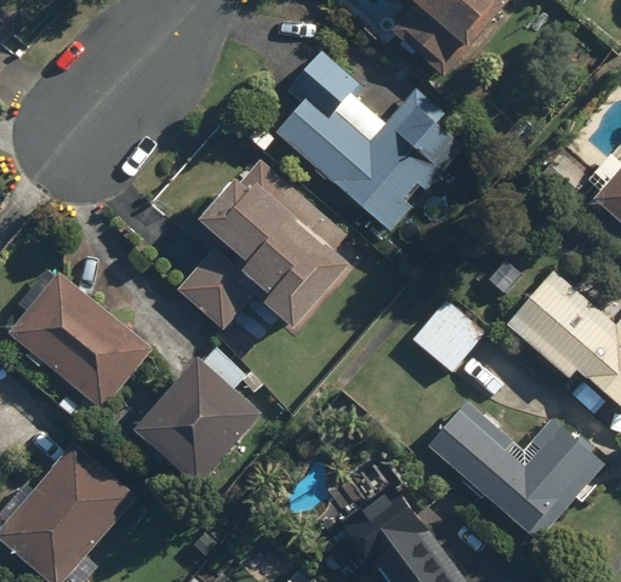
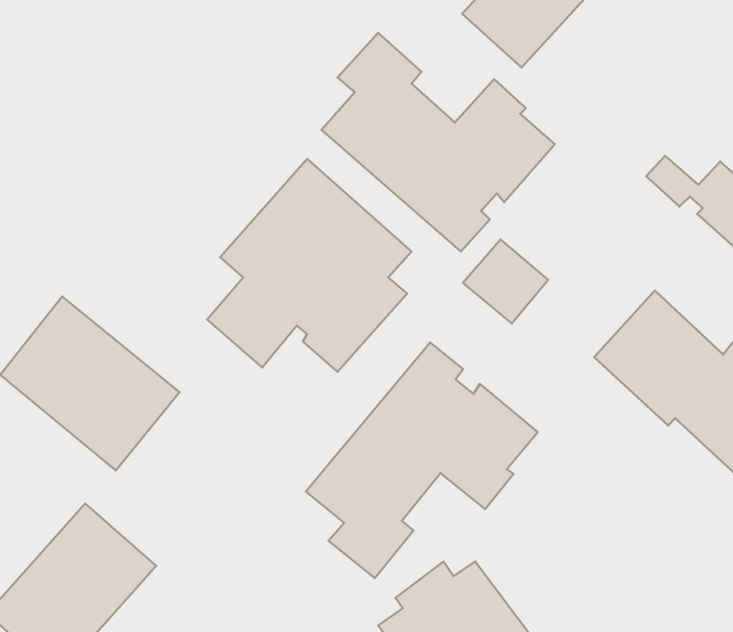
building: [411,299,483,370] -> [463,239,548,323]
building: none -> [306,343,538,578]
building: [127,346,258,492] -> none
building: [423,396,605,543] -> none

